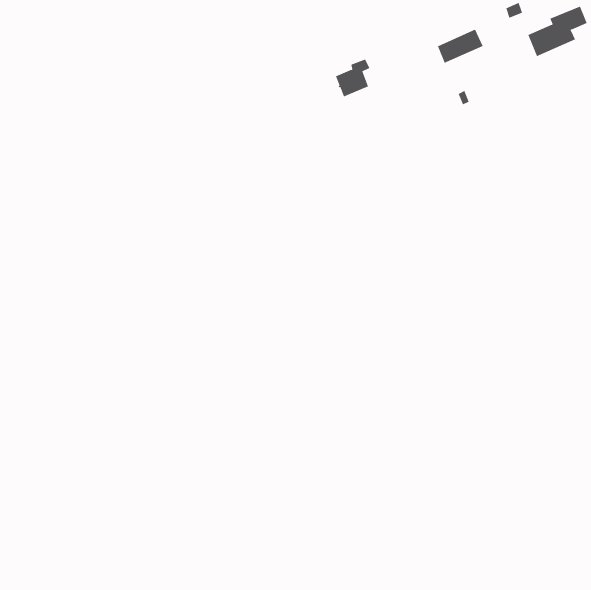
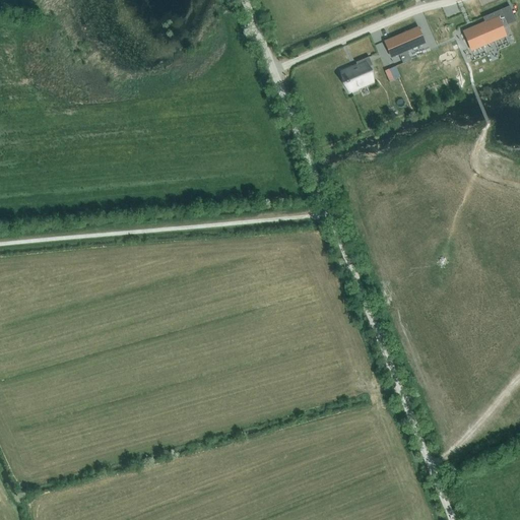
building: [335,59,370,97] -> [342,56,373,89]

